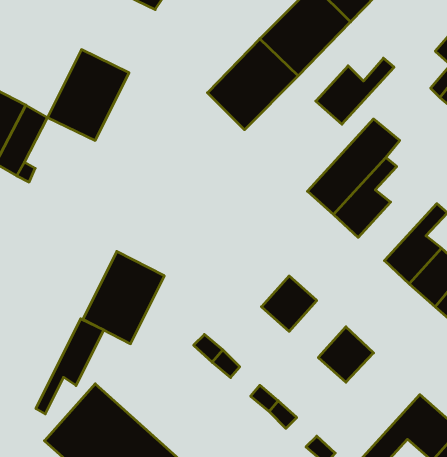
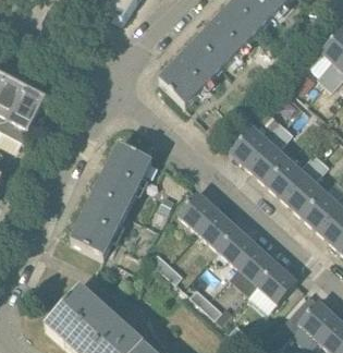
building: [47,50,129,140] -> [95,143,152,207]
building: [316,58,394,124] -> [266,150,321,197]
building: none -> [177,190,217,230]
building: none -> [217,226,257,266]
building: [36,319,104,414] -> none
building: none -> [257,263,296,302]

